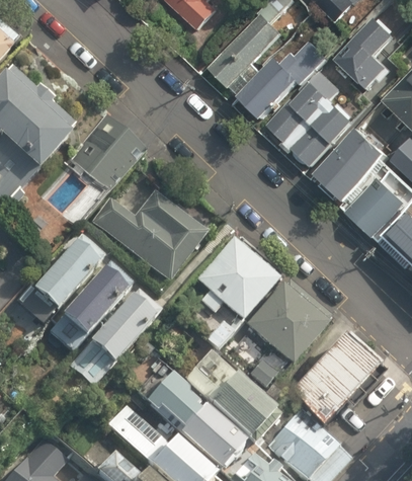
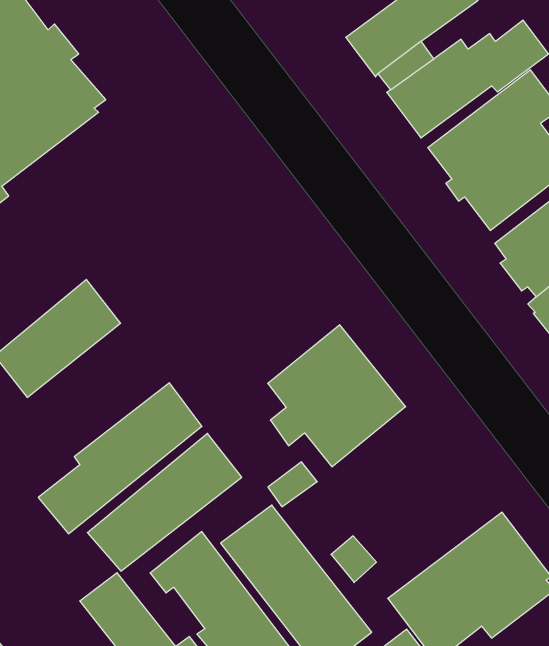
building: [67,114,147,192] -> none
building: [91,189,207,279] -> none
building: [48,260,133,349] -> [87,433,242,571]
building: [244,278,331,364] -> none

